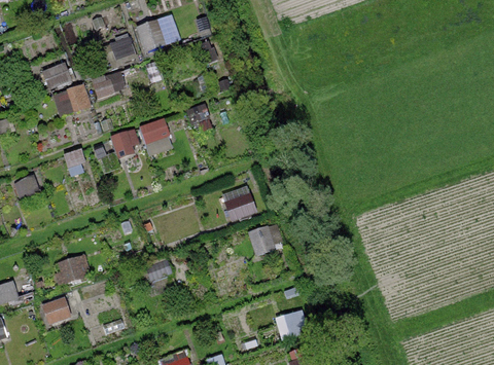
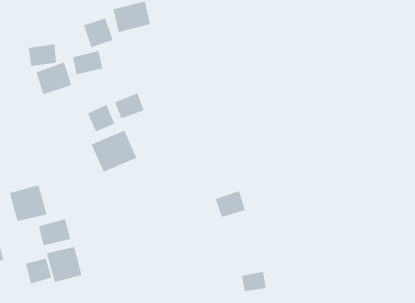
building: none -> [91,130,137,172]
building: [221,184,257,222] -> none
building: none -> [9,184,47,222]
building: none -> [46,246,82,283]

